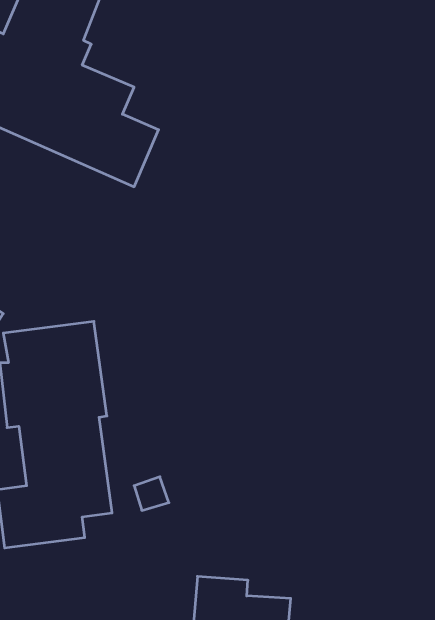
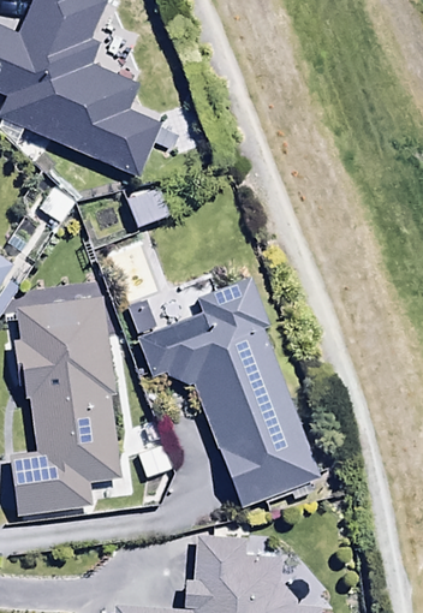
building: none -> [141,280,316,505]

